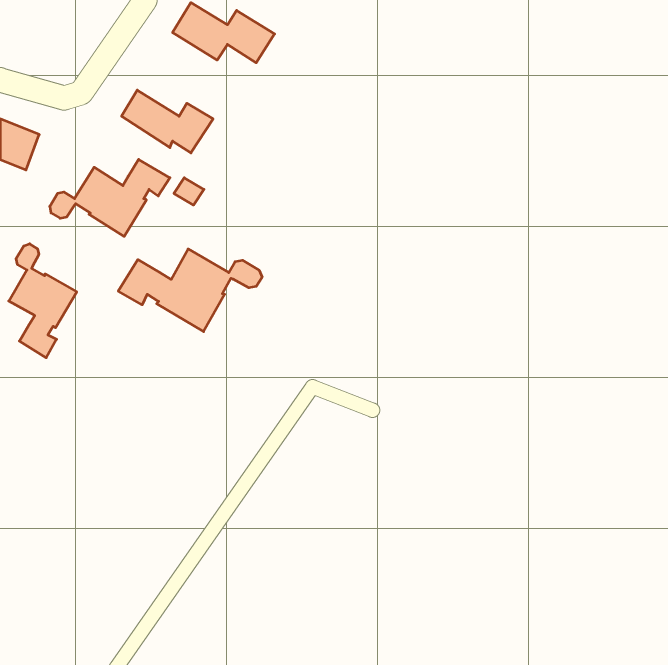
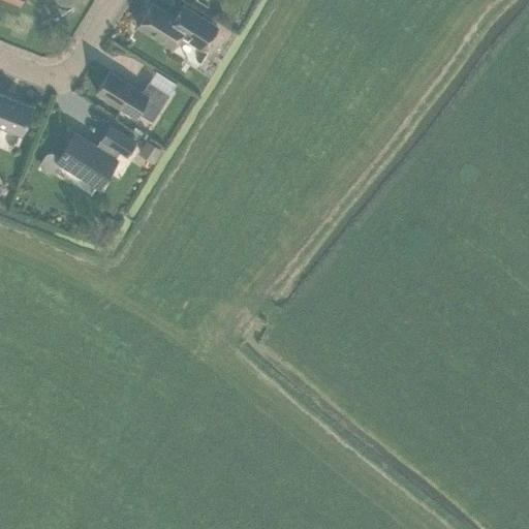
building: [9,244,77,358] -> none
building: [118,249,262,332] -> none

